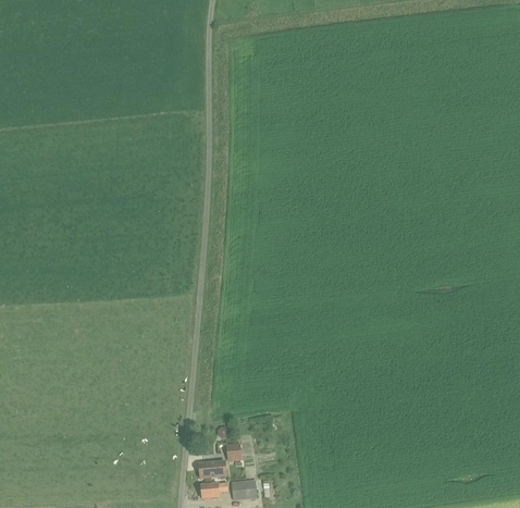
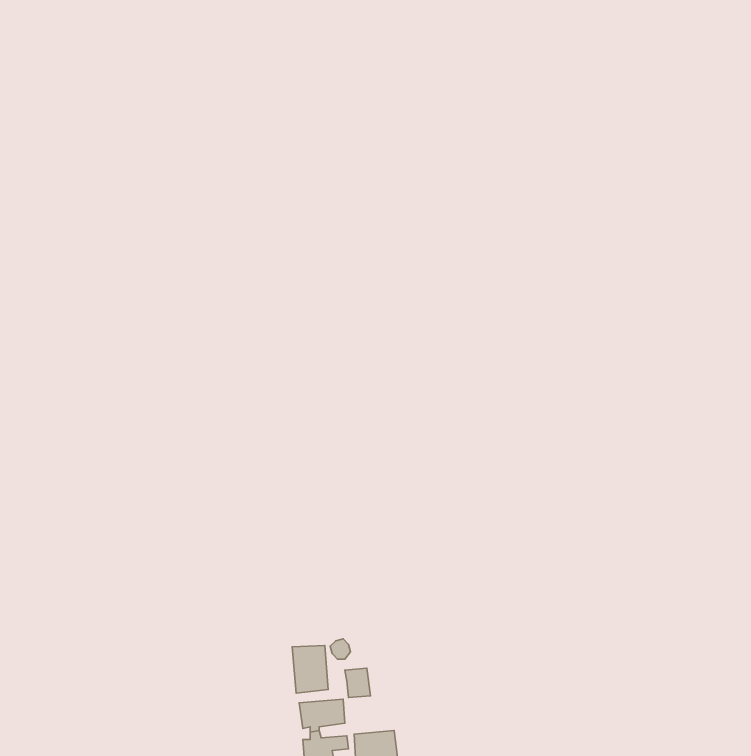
building: none -> [292,645,328,693]

